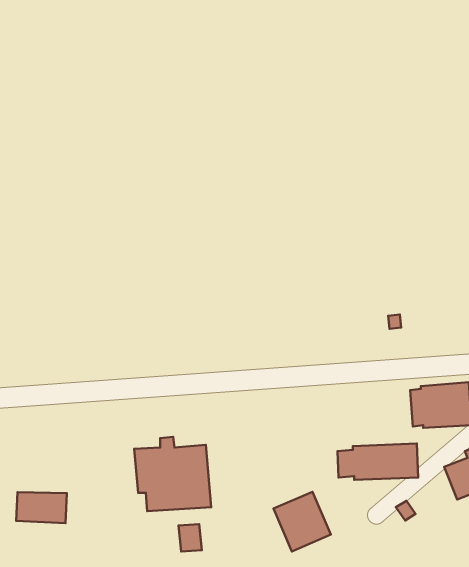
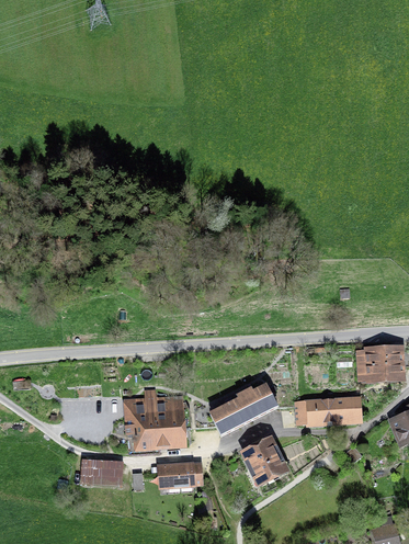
building: none -> [214,385,271,431]
building: [16,492,67,523] -> [82,458,125,485]
building: none -> [178,461,201,485]

